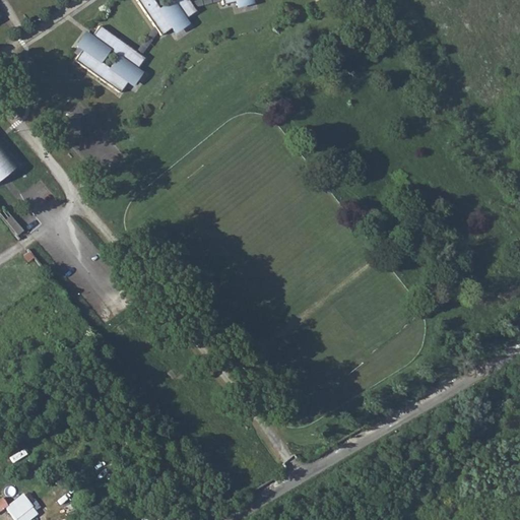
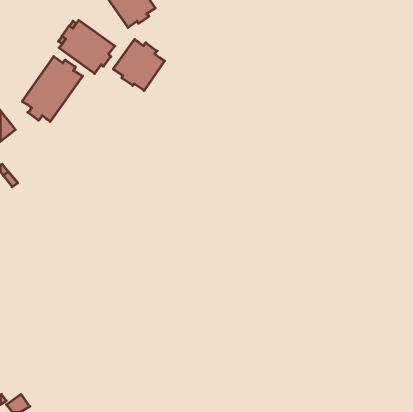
building: none -> [113,39,165,91]
building: none -> [22,56,83,122]

